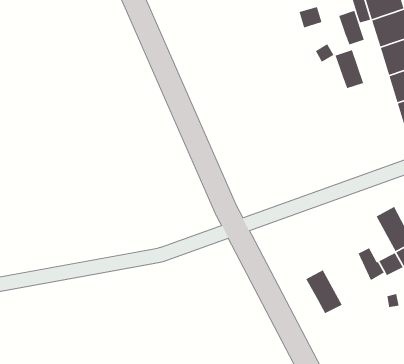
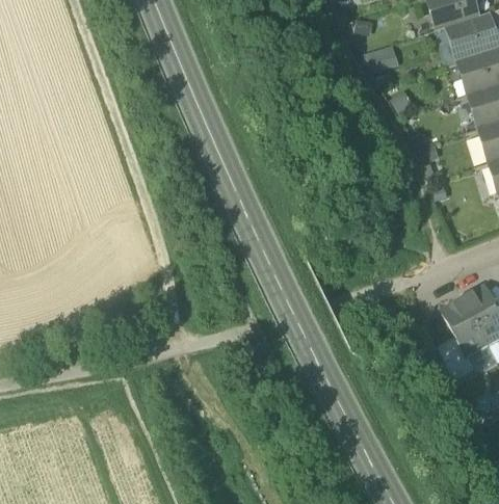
building: [338,10,365,45] -> none
building: [334,49,364,89] -> none
building: [305,269,343,315] -> [441,298,487,353]

